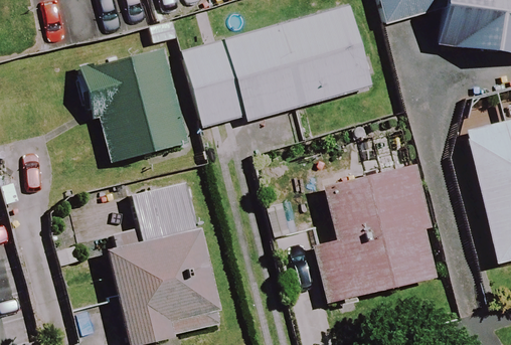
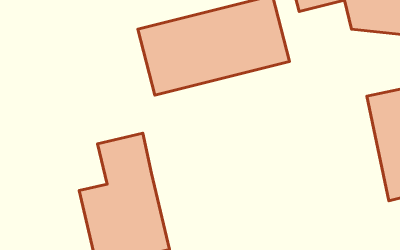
building: [78,52,188,159] -> none
building: [317,164,440,301] -> none

